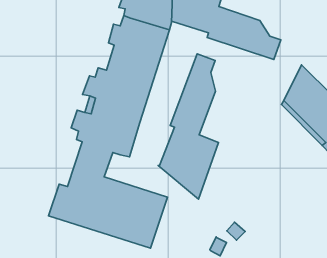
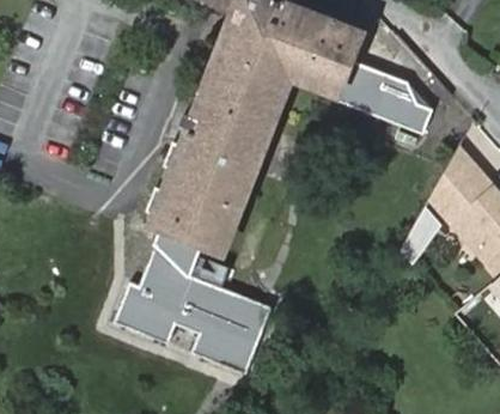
building: [158,54,219,199] -> none

